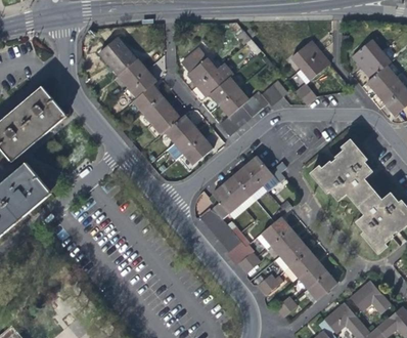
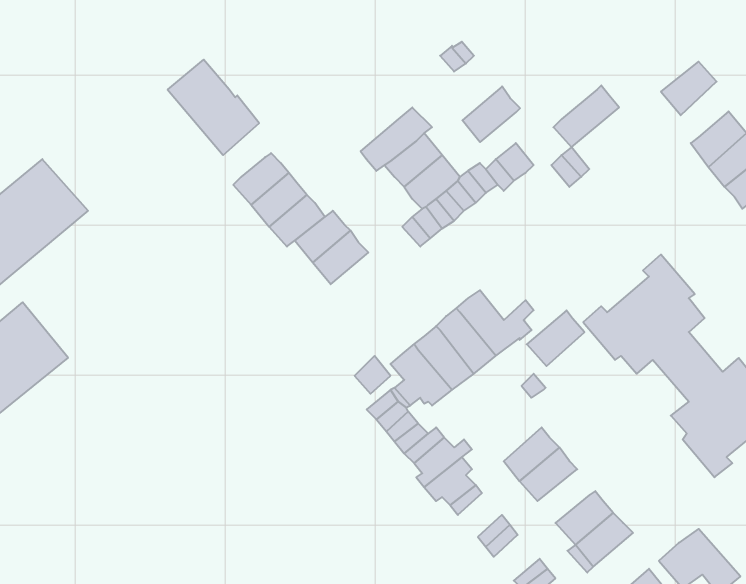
building: [291,41,321,70] -> [462,86,520,142]
building: [181,47,217,86] -> none
building: [362,50,391,79] -> none
building: [127,72,155,99] -> none
building: [182,138,211,166] -> none
building: [261,217,290,246] -> [527,310,584,366]
building: [288,250,318,278] -> none

